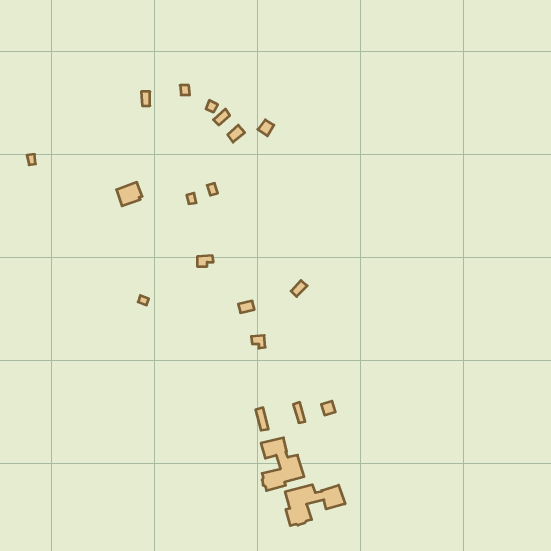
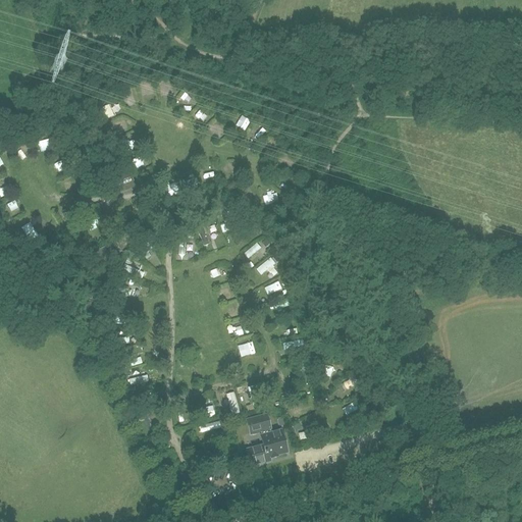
building: [285,485,345,526] -> none

